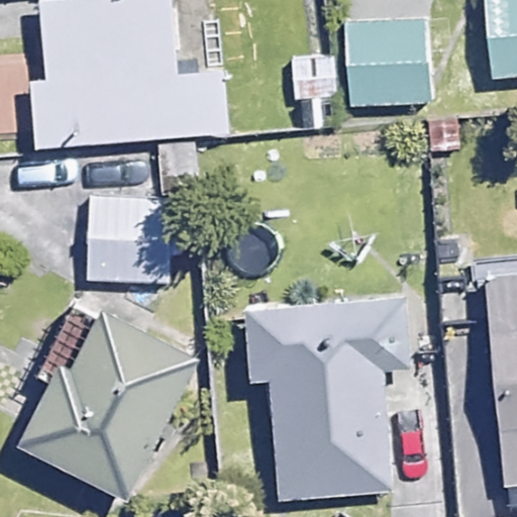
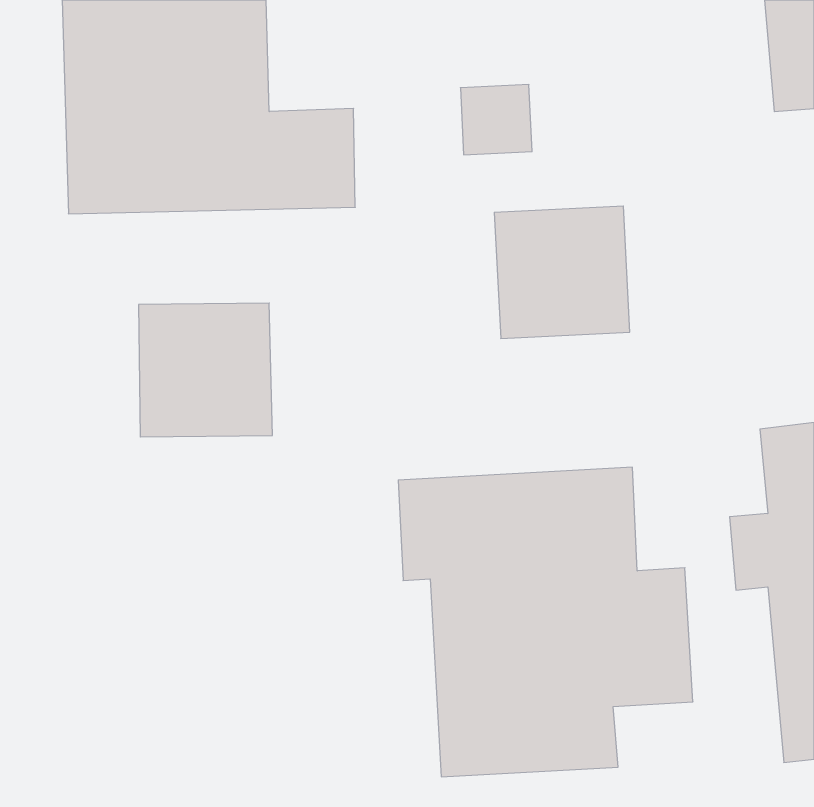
building: [345,23,431,107] -> [494,206,630,338]
building: [14,306,190,492] -> none

